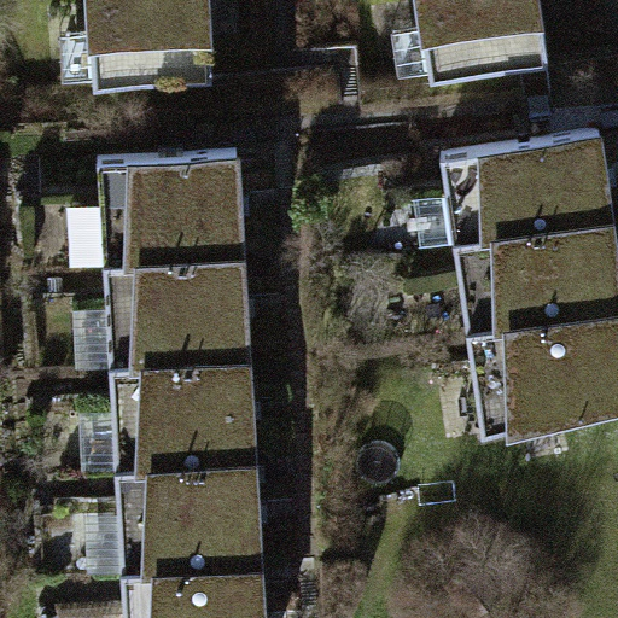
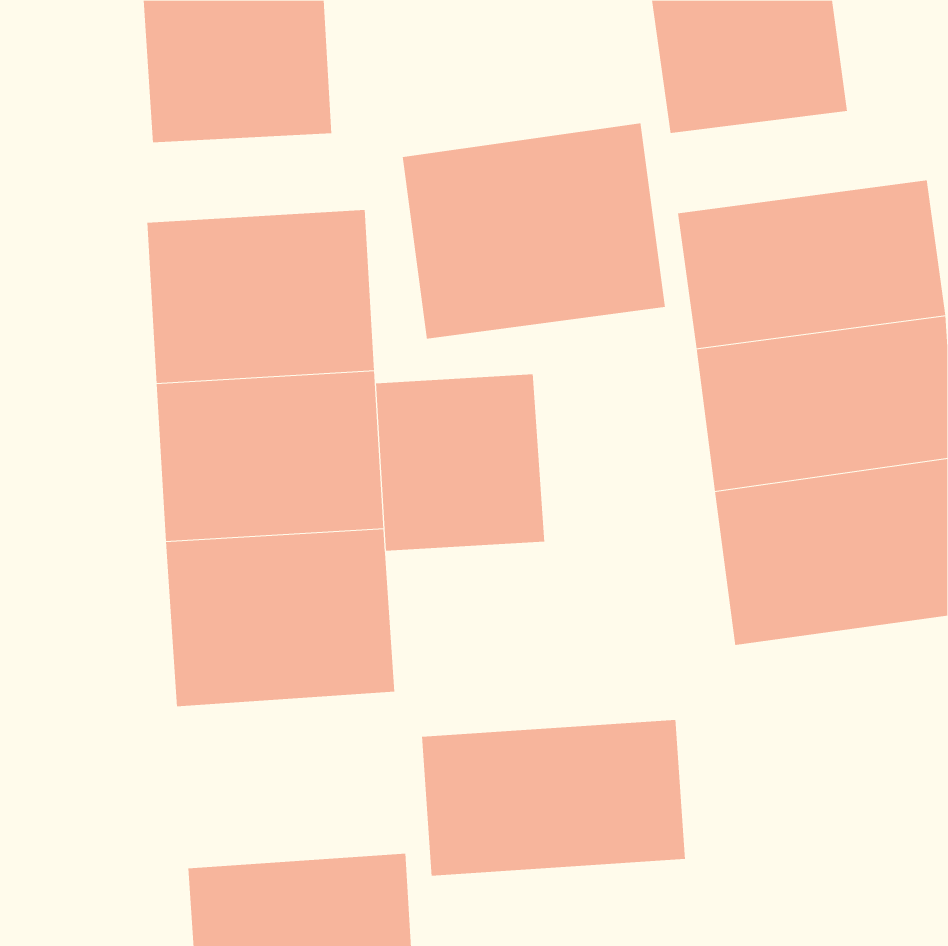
building: none -> [402,123,666,339]
building: none -> [376,374,545,552]
building: [115,451,264,566] -> none
building: none -> [422,719,685,877]

